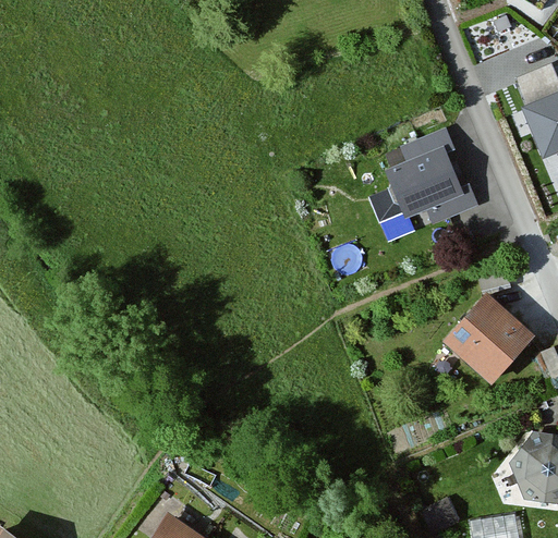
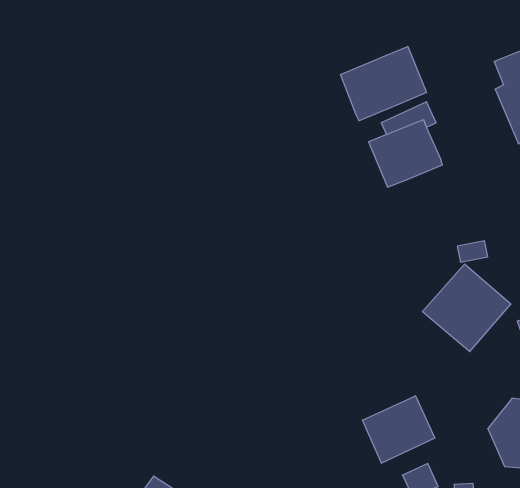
building: none -> [340,46,426,121]
building: [426,180,482,225] -> none
building: none -> [362,396,435,463]

